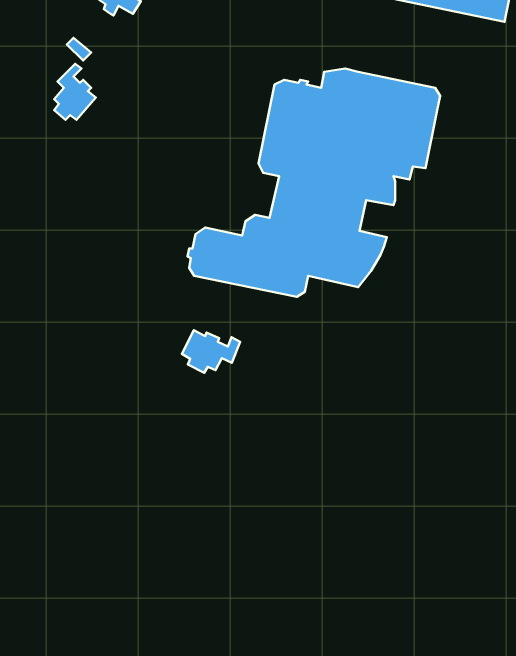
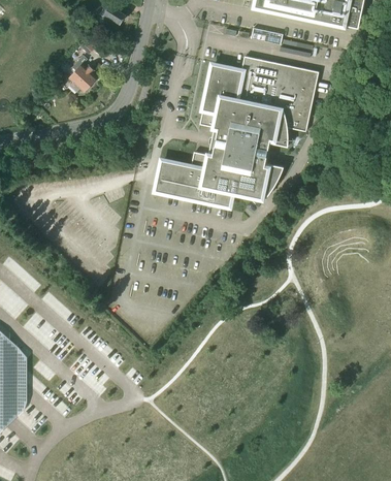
building: [182,330,240,373] -> none

